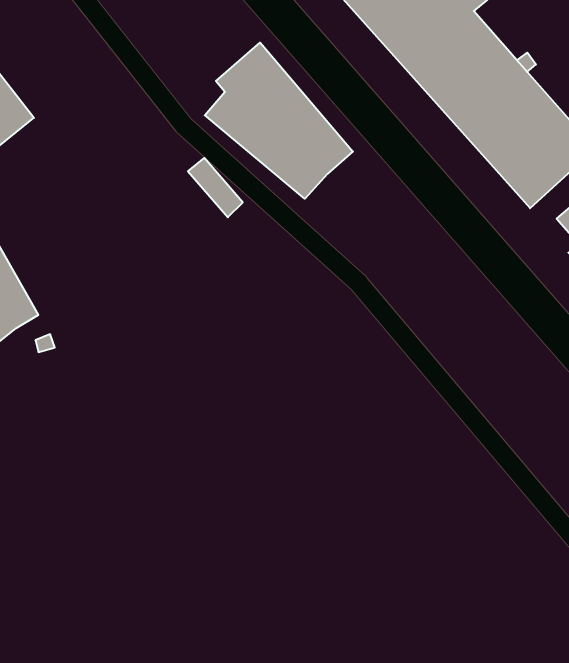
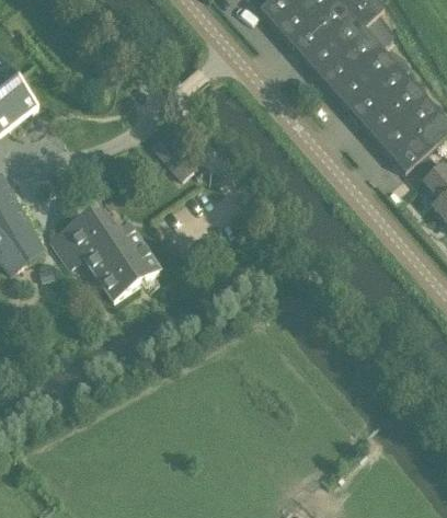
building: [205,43,353,199] -> none
building: none -> [50,210,157,297]

